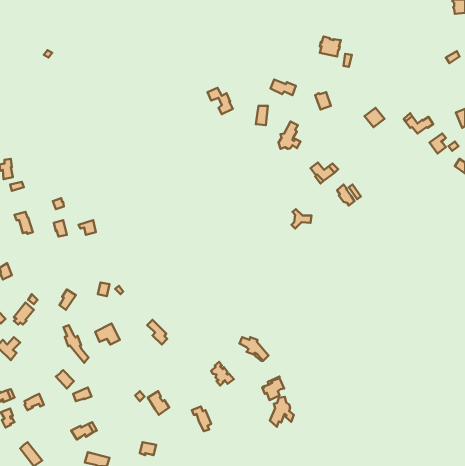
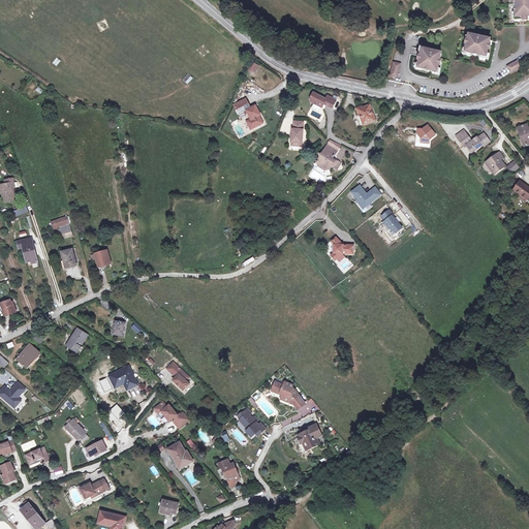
building: none -> [463,33,488,56]
building: [320,36,341,57] -> [415,48,439,70]
building: [64,325,88,363] -> none
building: none -> [154,399,187,431]
building: [270,397,294,427] -> none

